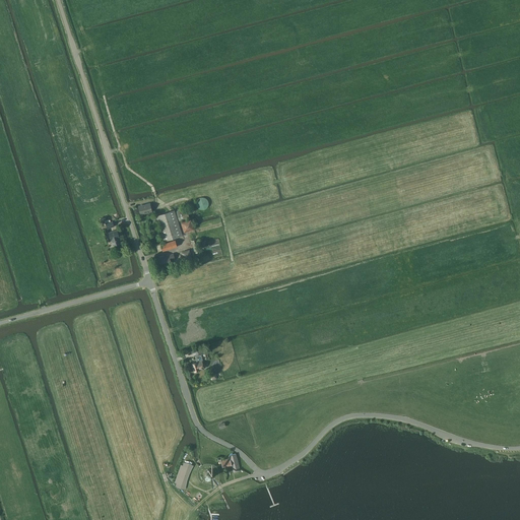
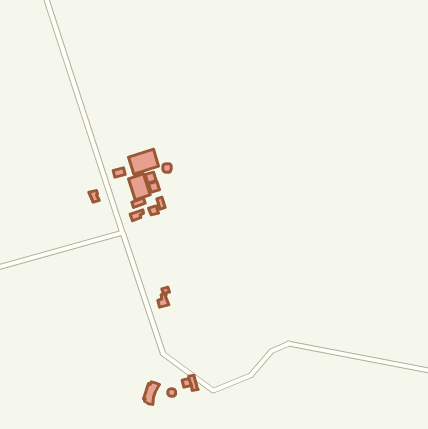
building: none -> [129,149,159,174]

